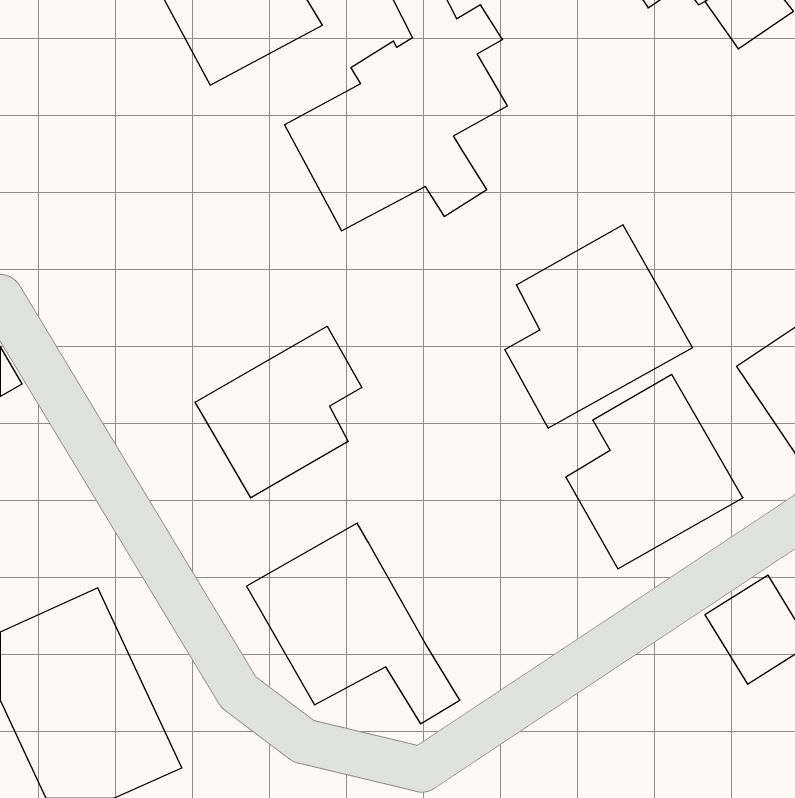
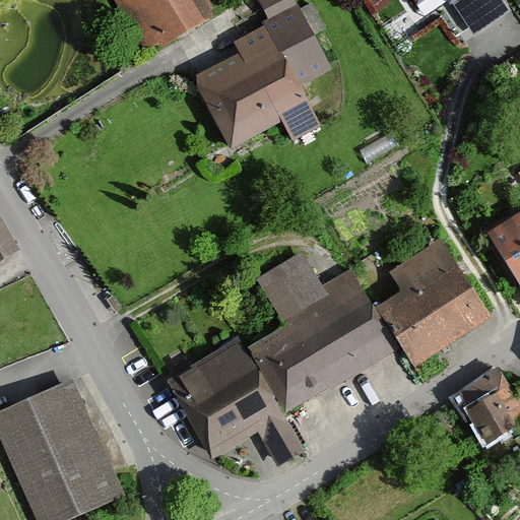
building: [505,225,692,428] -> none
building: [195,326,362,498] -> none
building: none -> [245,252,393,413]

